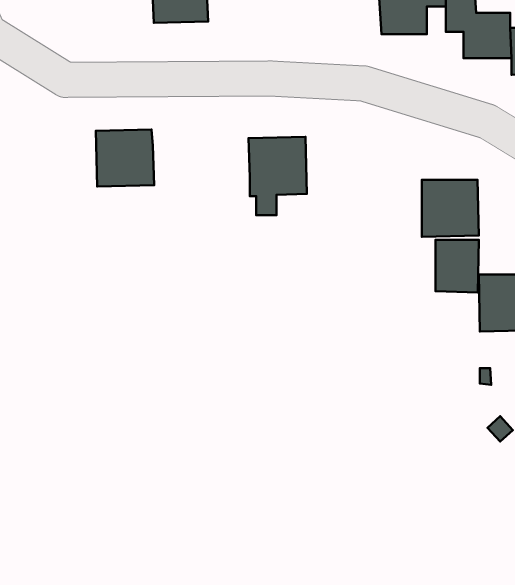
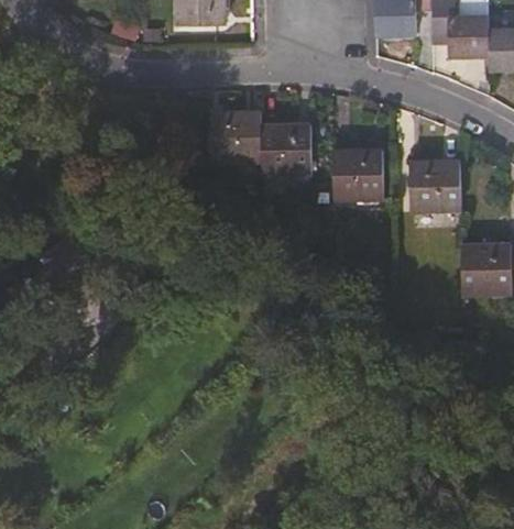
building: [96,129,154,186] -> [211,111,262,161]
building: none -> [333,150,384,200]
building: [435,240,479,292] -> none

